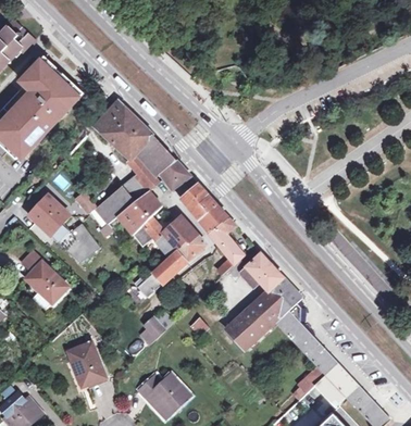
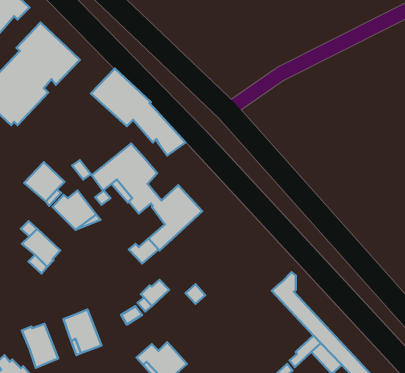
building: [127,152,163,190] -> none
building: [182,184,244,275] -> none
building: [225,253,301,349] -> none
building: none -> [22,324,58,368]

